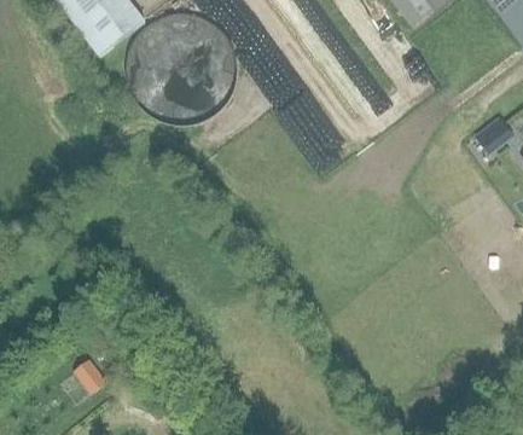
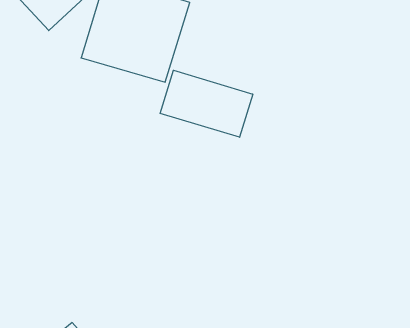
building: none -> [160,70,253,137]

